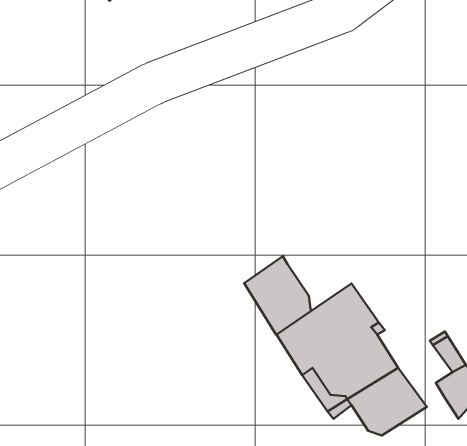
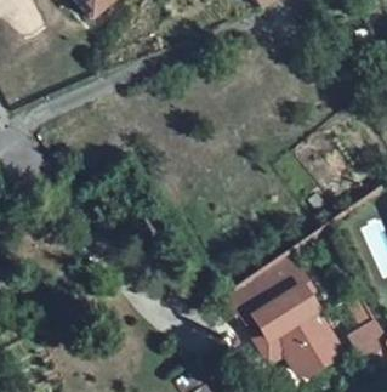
building: [244,256,311,335] -> none

